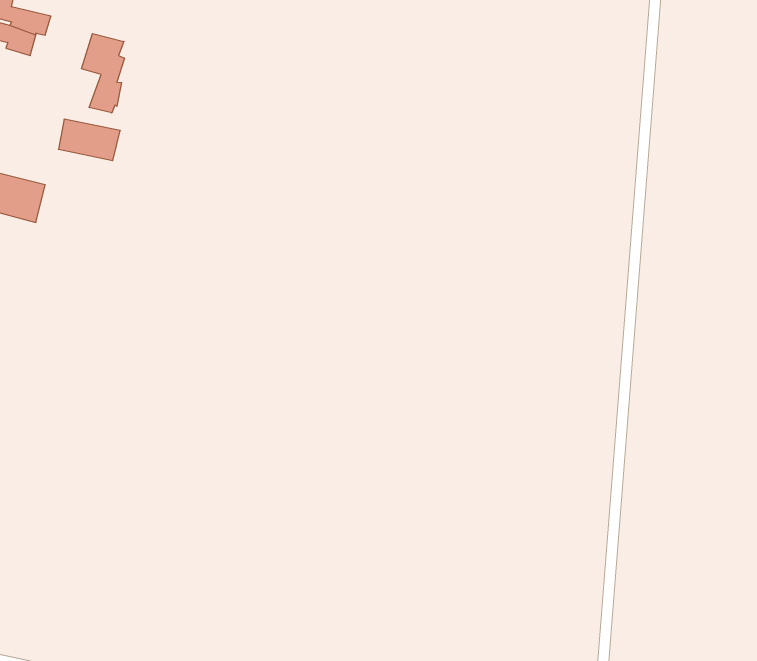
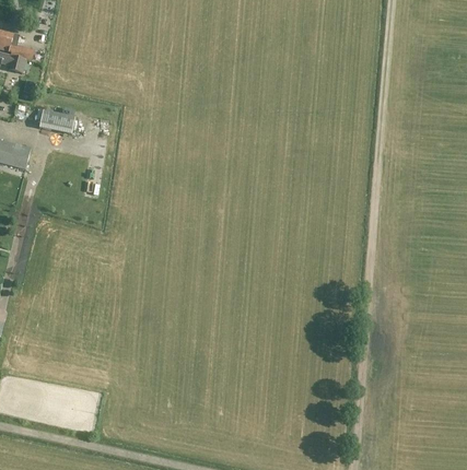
building: [82,34,124,113] -> none

